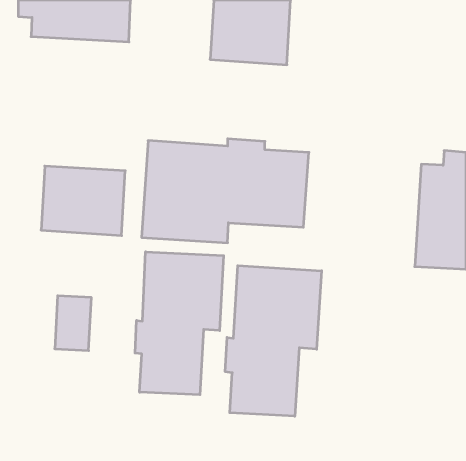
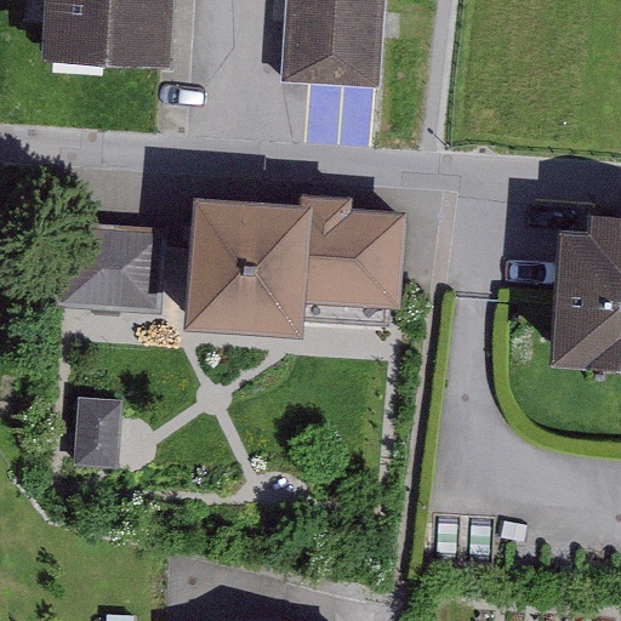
building: [135,252,224,395] -> none
building: [225,266,322,416] -> none

